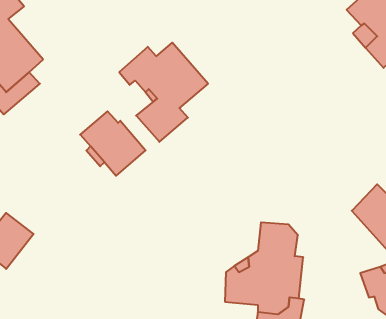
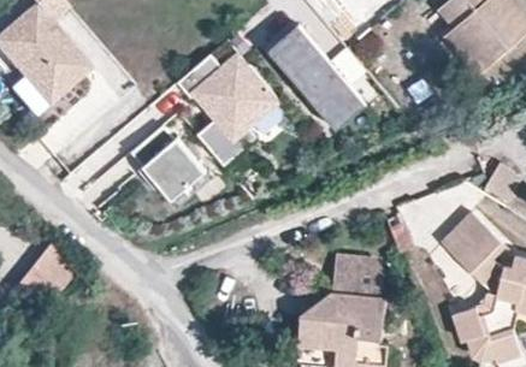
building: none -> [266,22,366,129]

